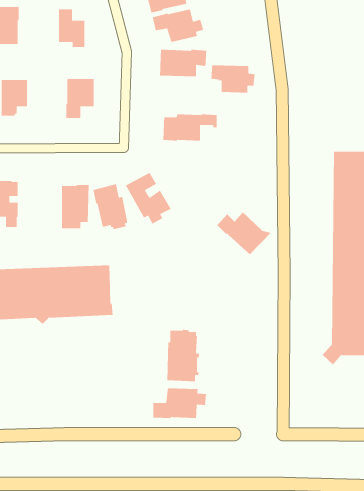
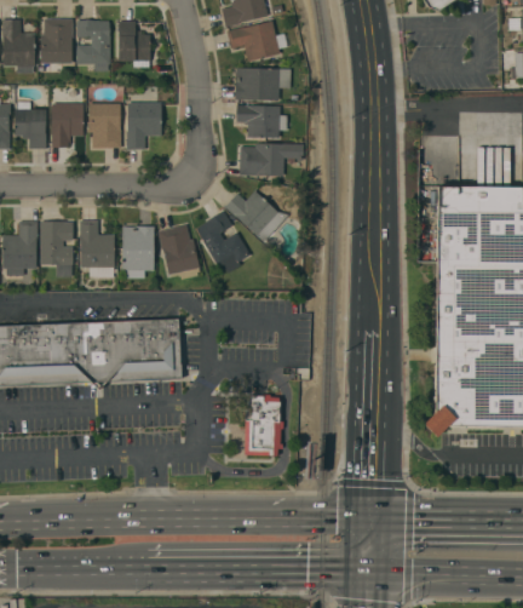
building: none -> [77,21,111,71]
building: [211,64,255,94] -> [236,104,288,138]
building: none -> [88,103,122,148]
building: none -> [80,219,115,276]
building: [217,212,272,255] -> [225,190,289,241]
building: [152,388,207,419] -> none

